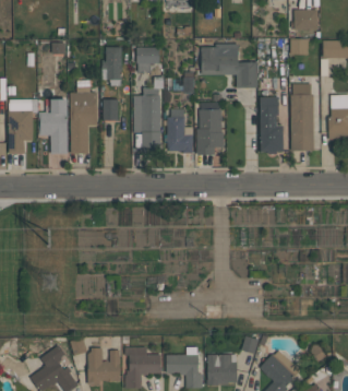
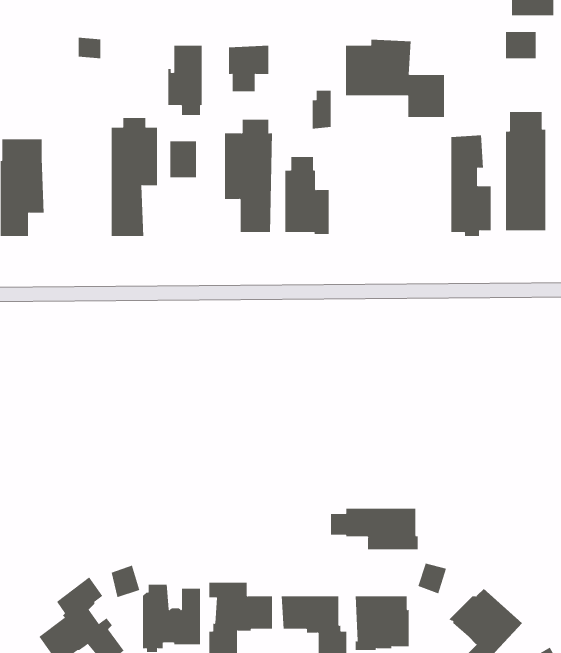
building: [39,98,68,152] -> none
building: [197,102,224,154] -> none
building: none -> [330,508,418,550]

